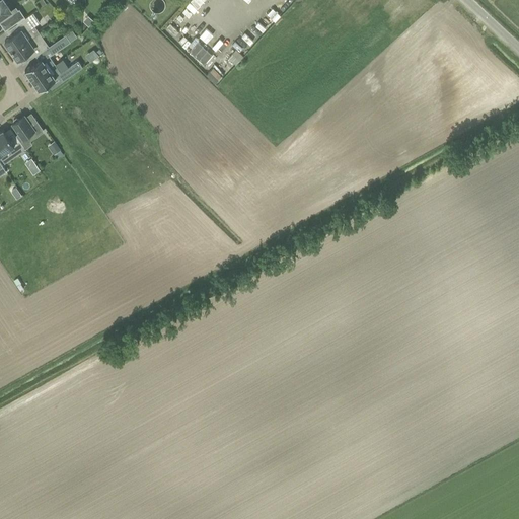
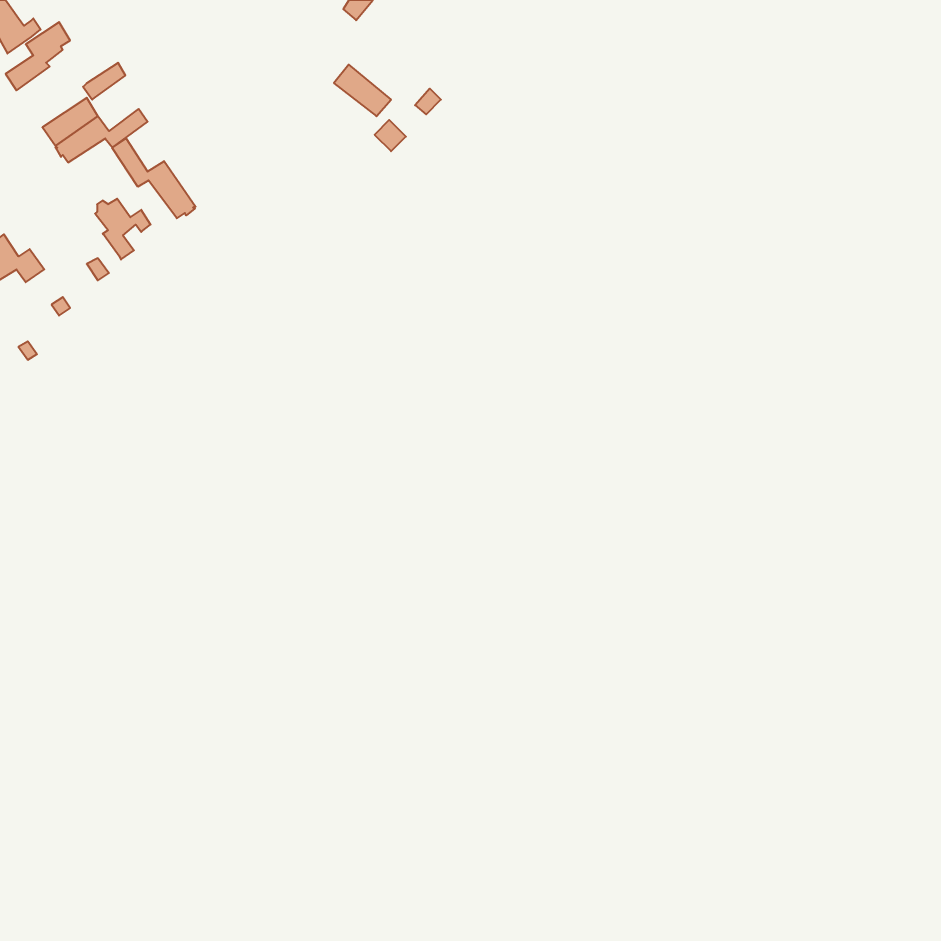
building: [9,38,46,60] -> none
building: none -> [112,138,196,218]
building: [11,118,42,151] -> [95,199,151,260]

